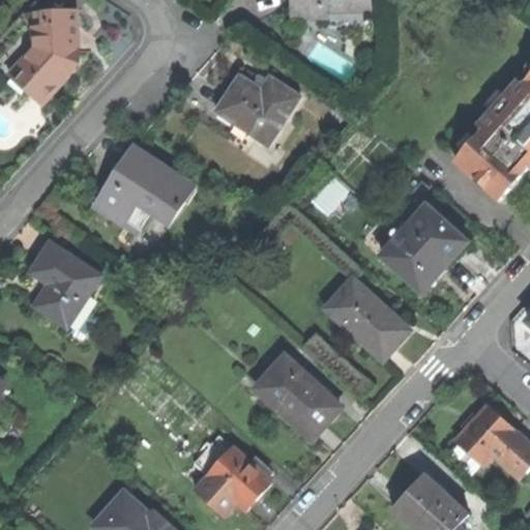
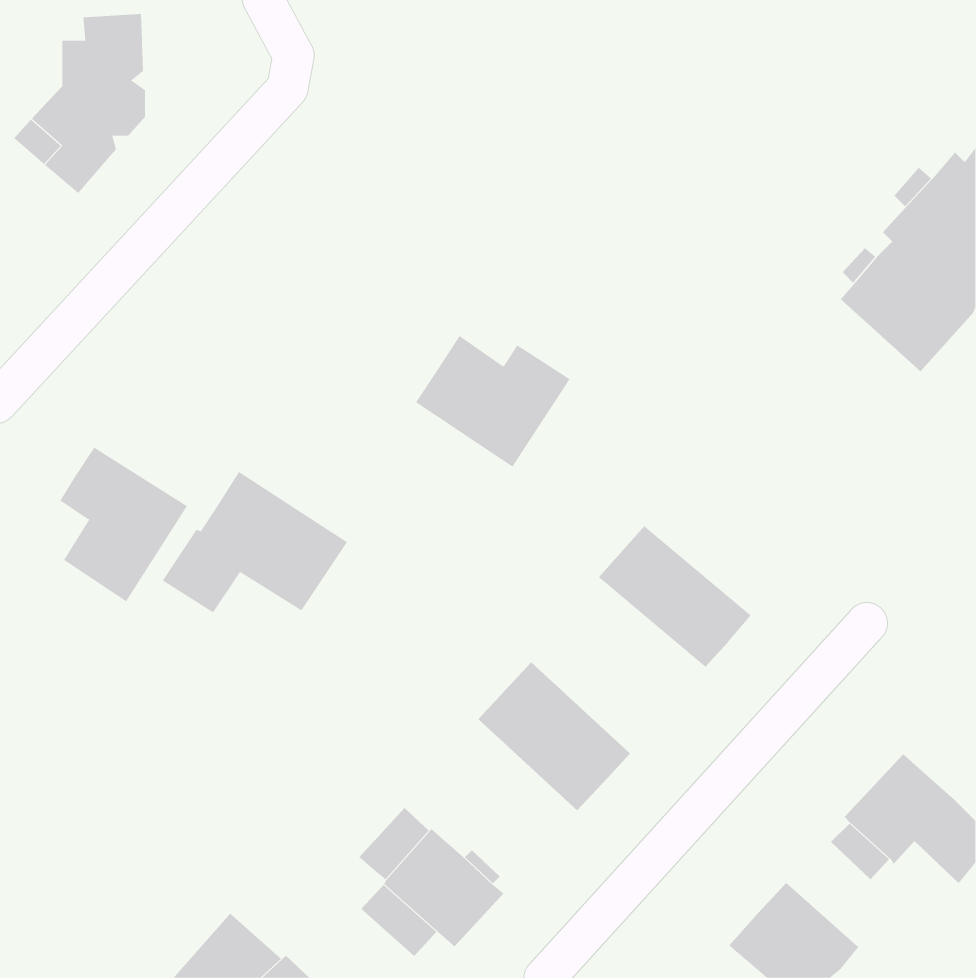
building: [214,73,298,145] -> [415,335,570,467]
building: [94,145,195,222] -> [162,471,348,613]
building: [384,204,468,288] -> none

